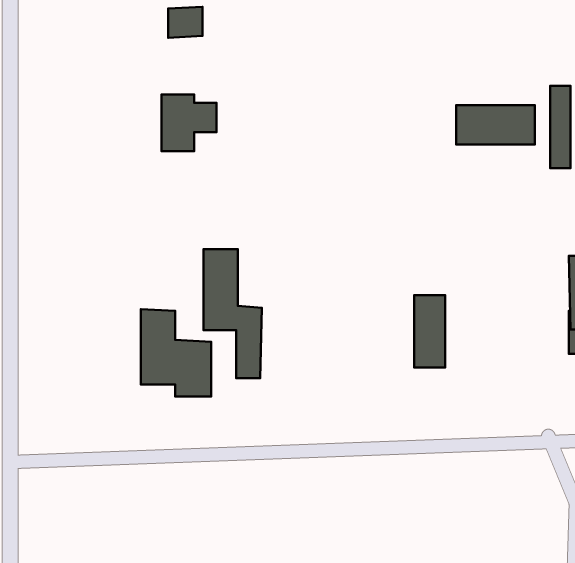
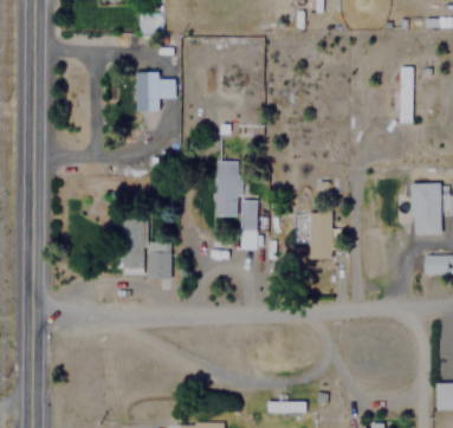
building: [456,105,535,144] -> none
building: [203,249,262,378] -> [215,161,255,249]

